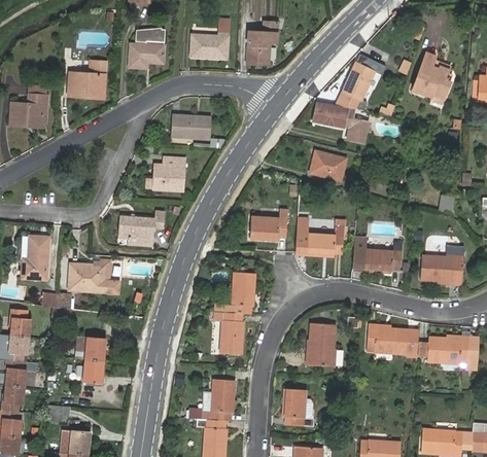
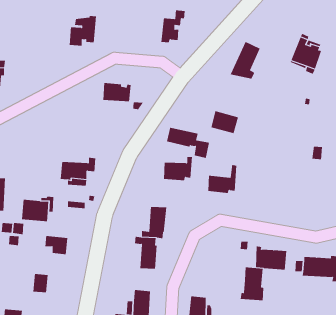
building: [190,34,228,58] -> none
building: [67,61,106,99] -> none
building: [312,102,368,142] -> [166,127,210,159]
building: [152,155,184,191] -> none
building: [351,236,402,273] -> none
building: [420,254,463,284] -> none
building: [305,322,336,365] -> [240,267,264,301]
building: [75,336,105,360] -> [45,235,68,255]

